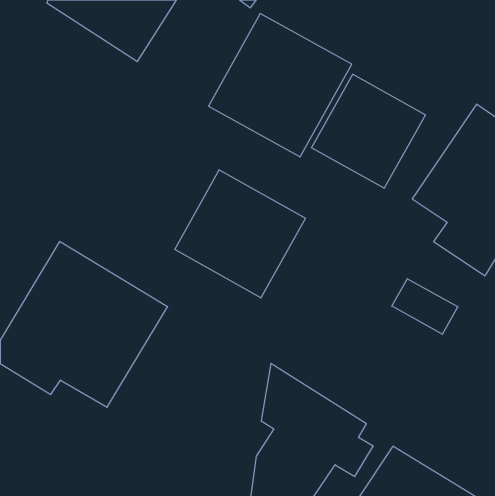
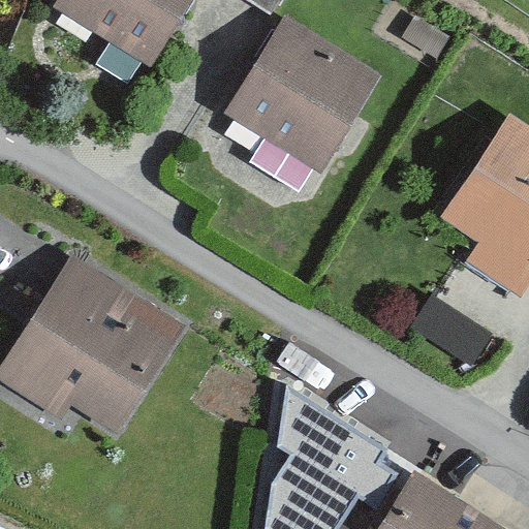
building: [311,74,425,188] -> none
building: [175,170,305,298] -> none

